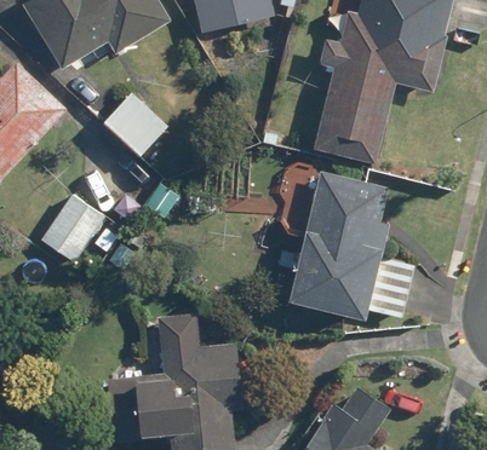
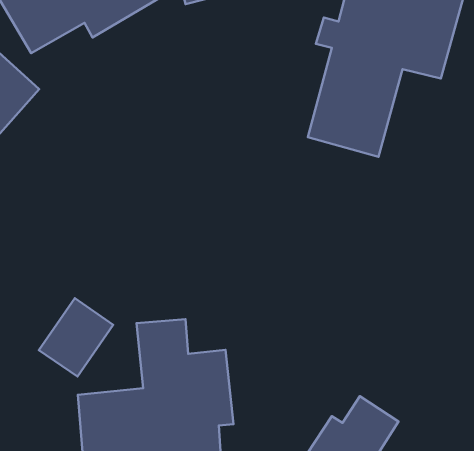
building: [101,91,170,157] -> none
building: [280,180,416,321] -> none
building: [40,194,108,265] -> [39,298,113,377]

